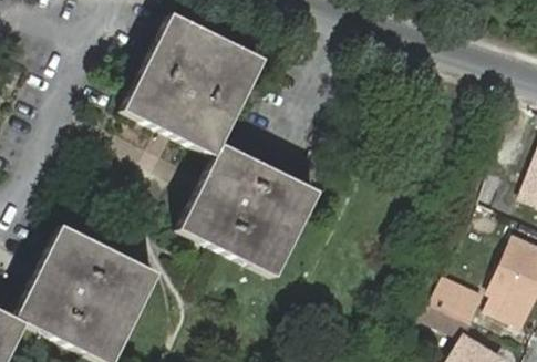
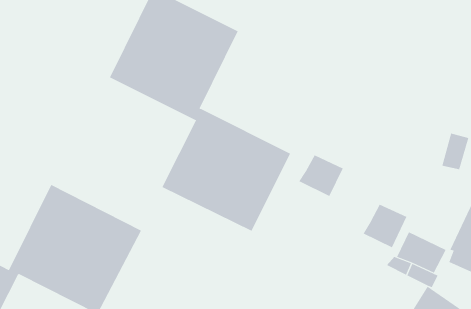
building: none -> [299,154,343,197]
building: none -> [363,204,407,248]

